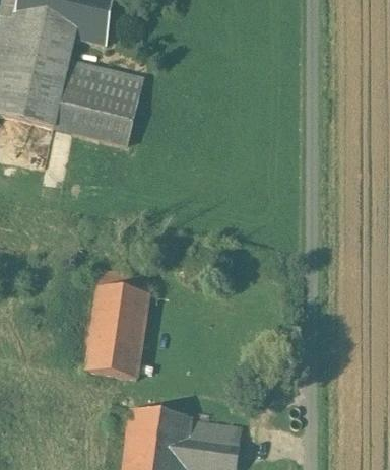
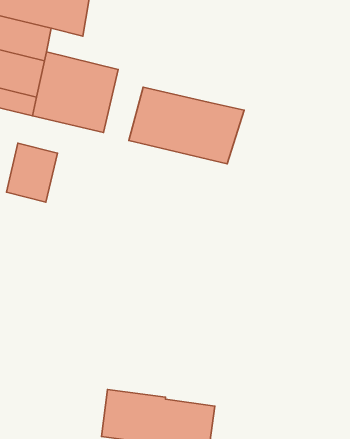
building: none -> [129,87,244,164]
building: none -> [6,143,57,202]
building: [86,271,149,378] -> none

